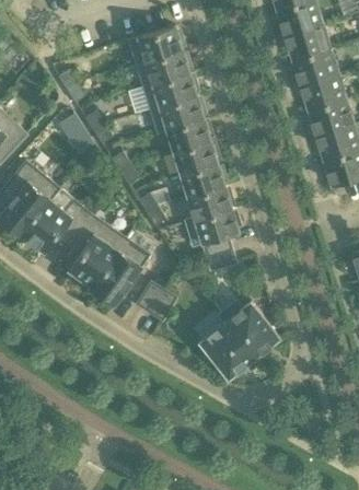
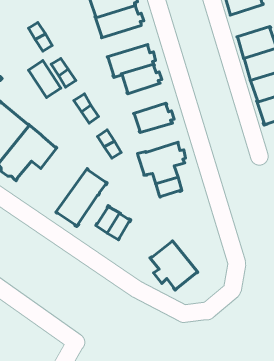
building: [291,49,337,86] -> none
building: [142,73,198,109] -> none
building: [173,140,219,175] -> none
building: [187,186,233,220] -> none
building: [68,214,126,289] -> none
building: [217,301,279,358] -> none

